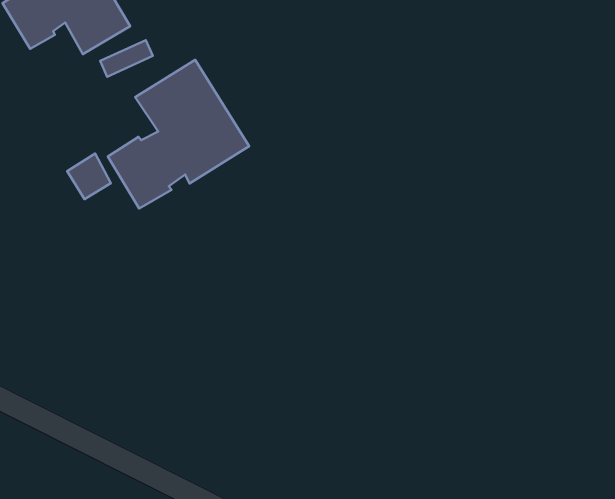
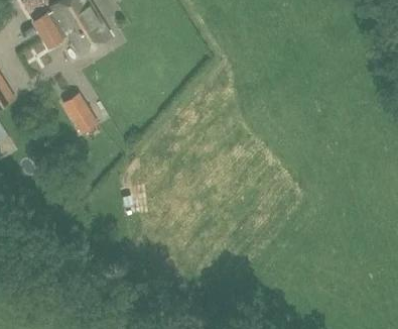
building: [108,60,249,209] -> none

